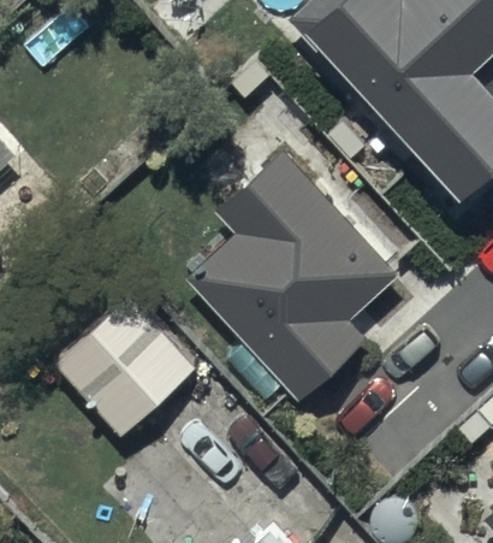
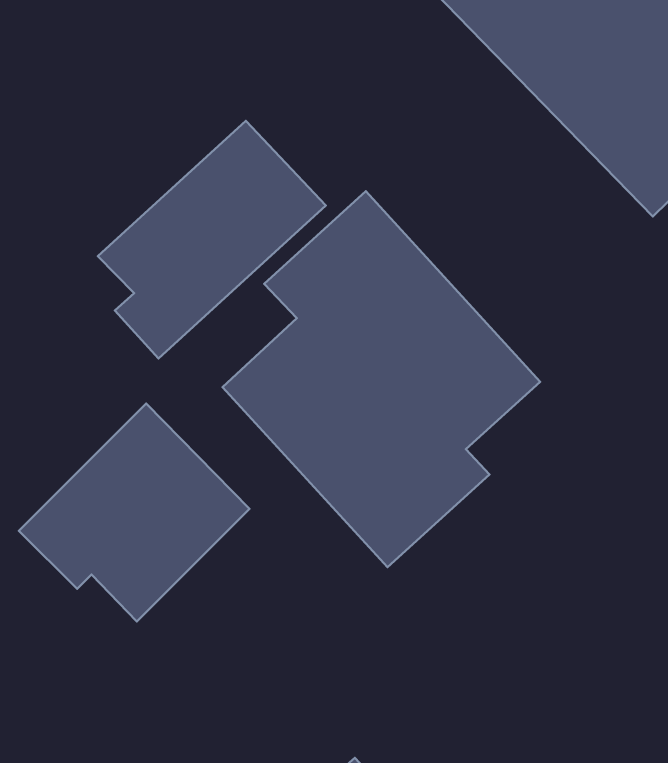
building: none -> [98,121,326,358]

